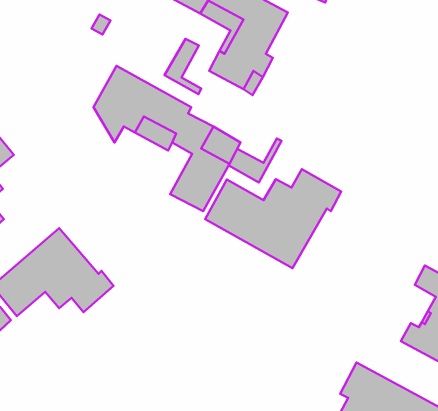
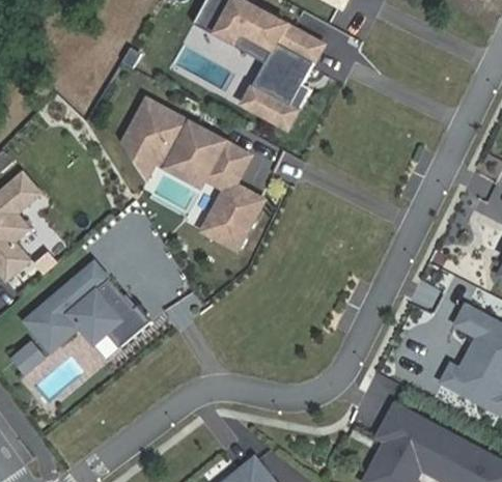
building: [165,39,201,94] -> none
building: [229,139,281,182] -> none
building: [205,169,341,268] -> none

